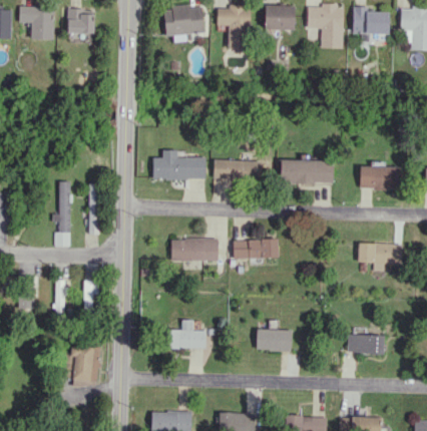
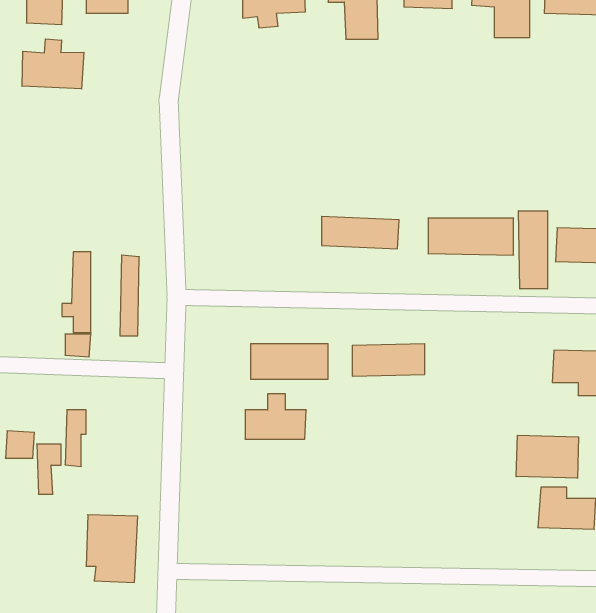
building: none -> [22,39,84,89]
building: [152,150,205,179] -> none
building: none -> [519,211,548,289]
building: [83,281,98,312] -> [37,444,61,494]
building: none -> [516,435,579,478]
building: [167,320,205,348] -> [245,394,306,439]
building: [256,329,292,351] -> none

